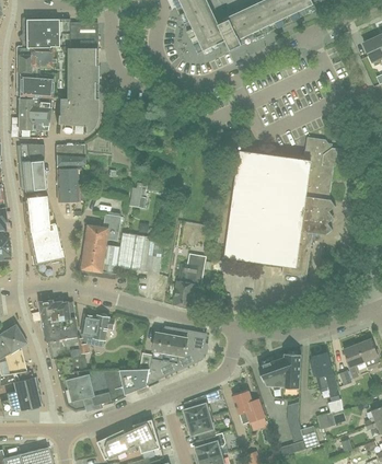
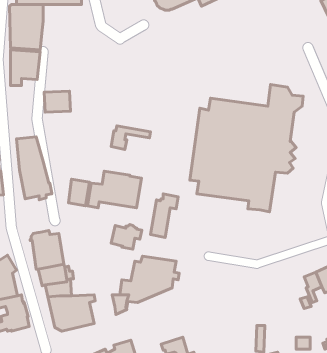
building: [50,47,96,132] -> none
building: [19,142,45,190] -> none
building: [56,169,80,200] -> none
building: [85,214,119,244] -> none
building: [80,312,114,339] -> [111,224,142,249]
building: [310,351,340,411] -> none
building: [258,352,301,387] -> none
building: [105,369,135,401] -> none
building: [233,391,264,420] -> none
building: [183,395,211,424] -> none

